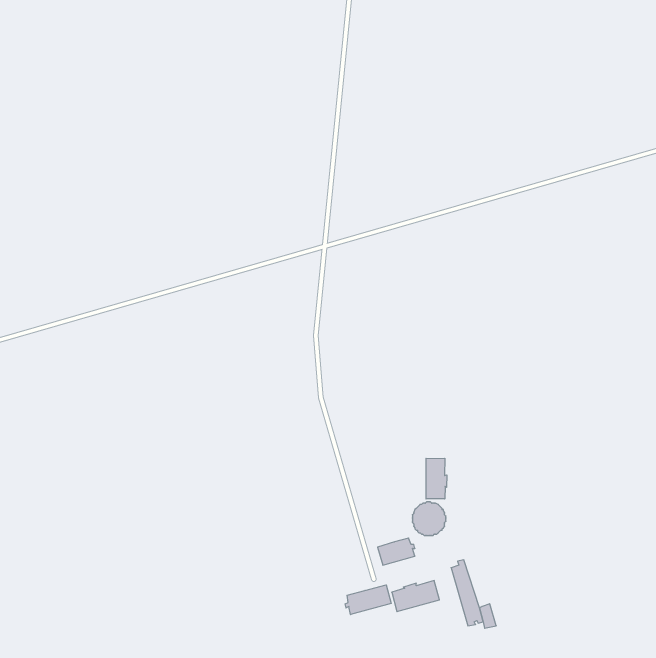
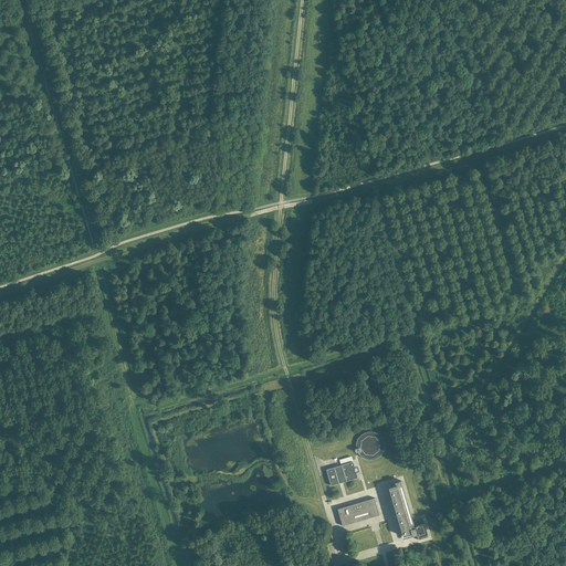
building: [426,458,447,499] -> none
building: [345,585,391,615] -> none

